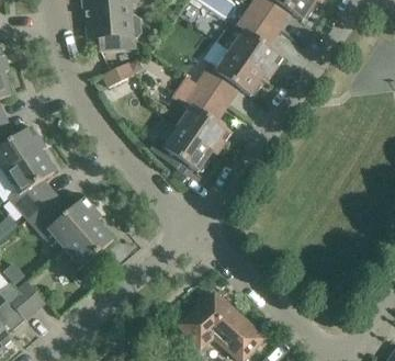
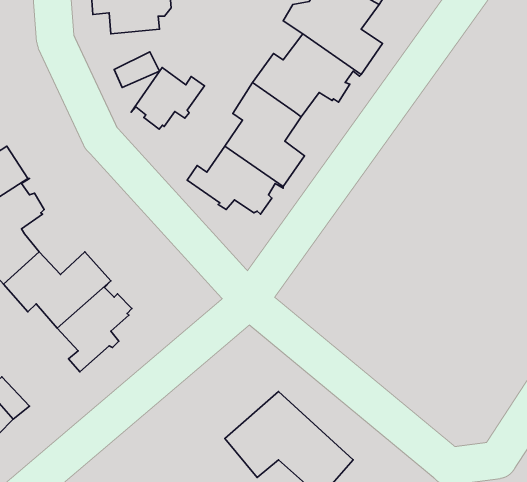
building: none -> [131,68,204,129]

